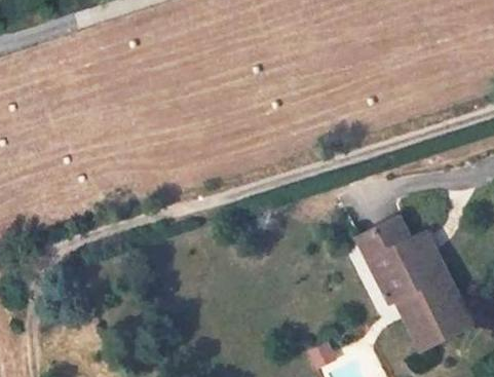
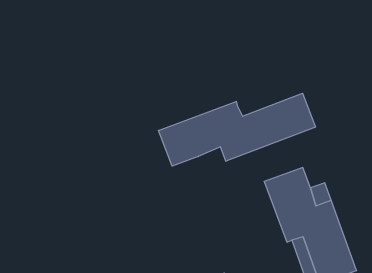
building: none -> [158,93,315,166]

